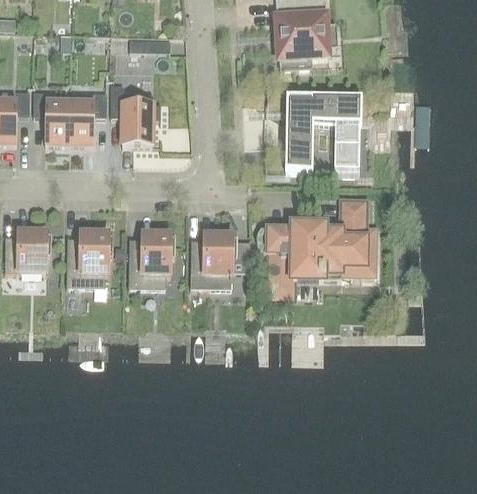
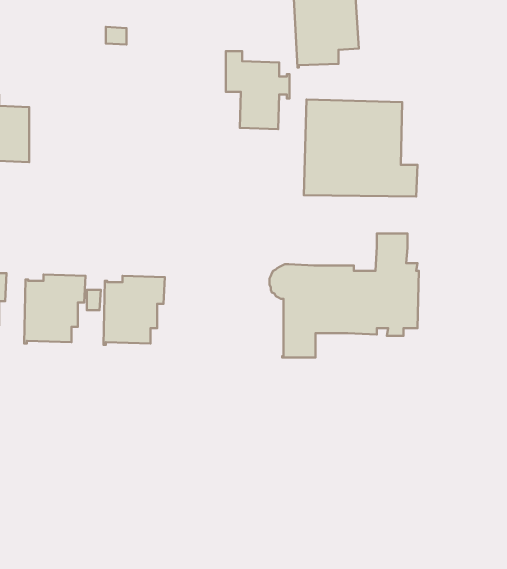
building: [111,82,161,143] -> [226,51,290,129]
building: [70,89,107,142] -> none
building: [191,232,250,286] -> none

